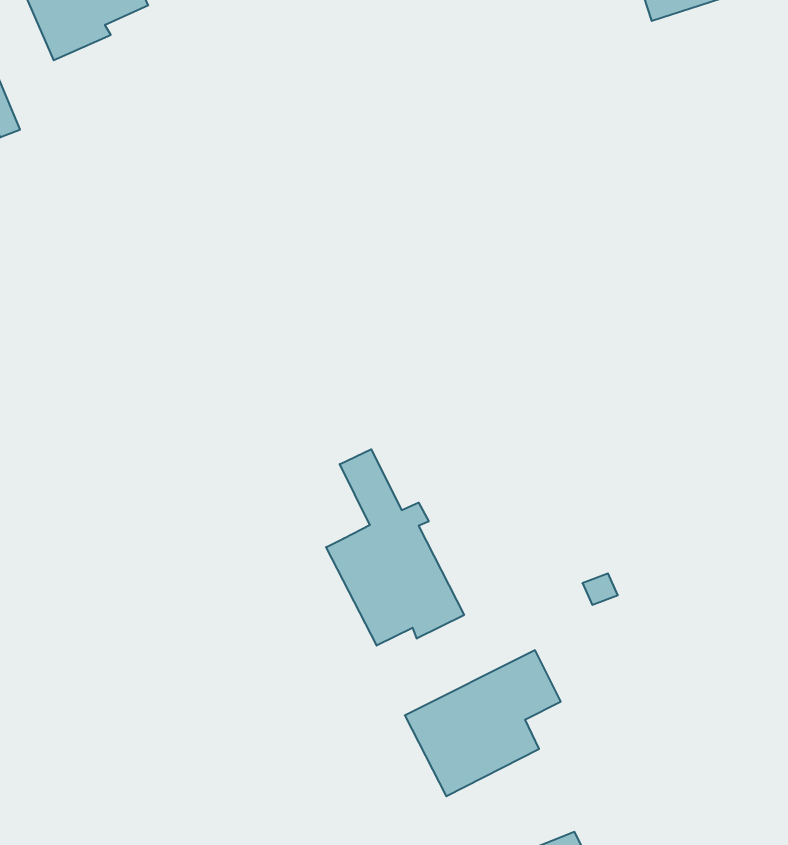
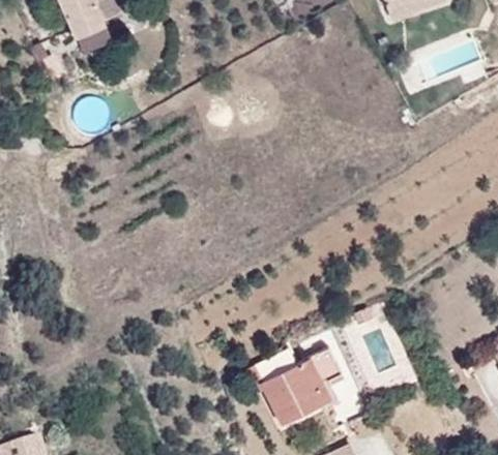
building: [326,449,464,646] -> none

